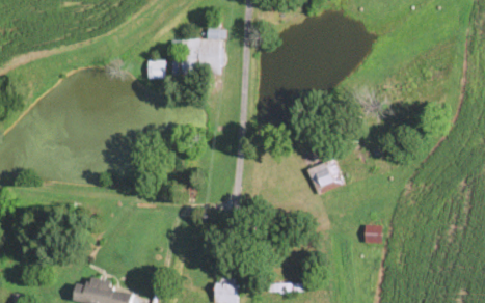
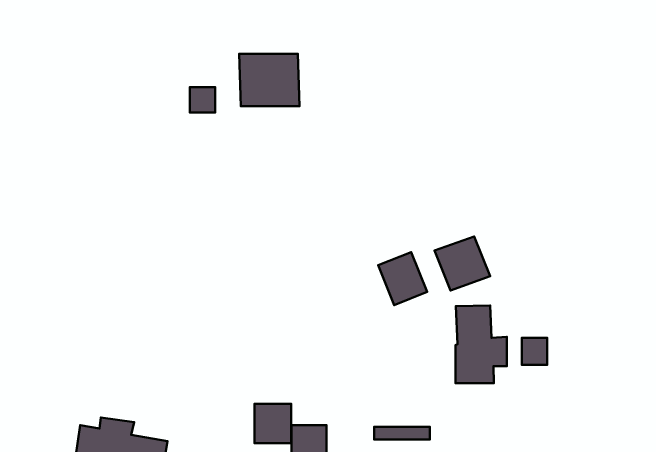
building: none -> [378,252,427,305]
building: none -> [455,306,507,383]
building: none -> [255,404,291,443]

